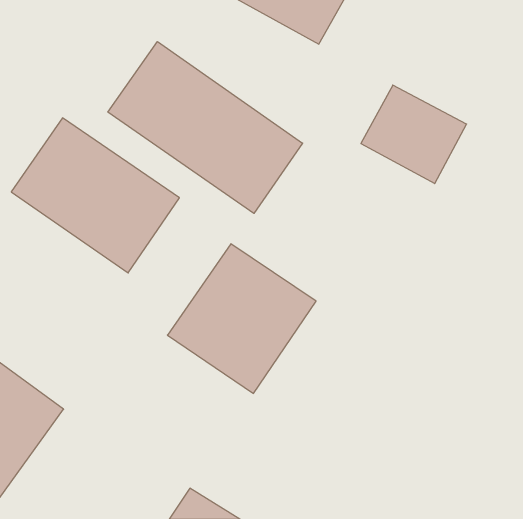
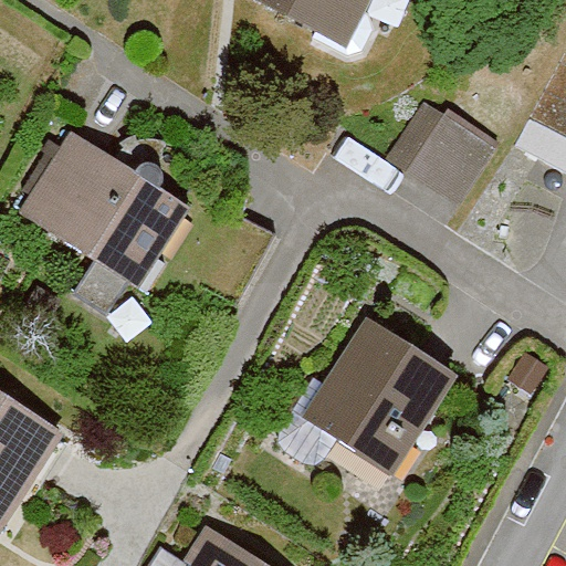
building: [108,42,303,213] -> none
building: [167,244,316,393] -> [295,318,455,480]

